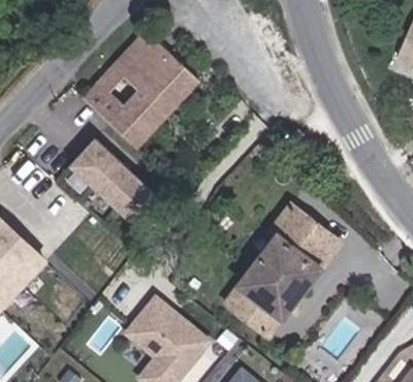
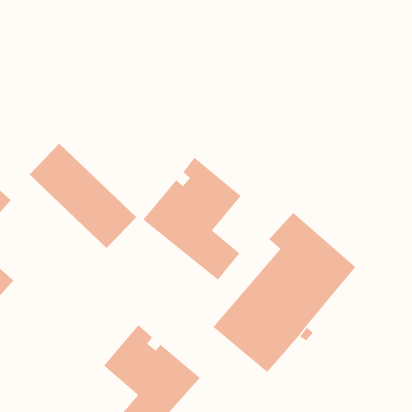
building: [82,33,194,149] -> none
building: none -> [142,157,241,281]

